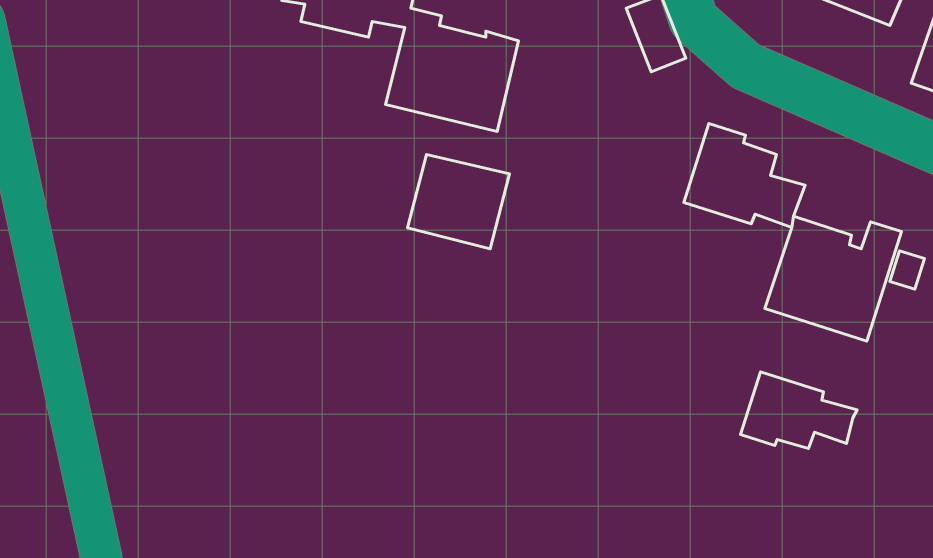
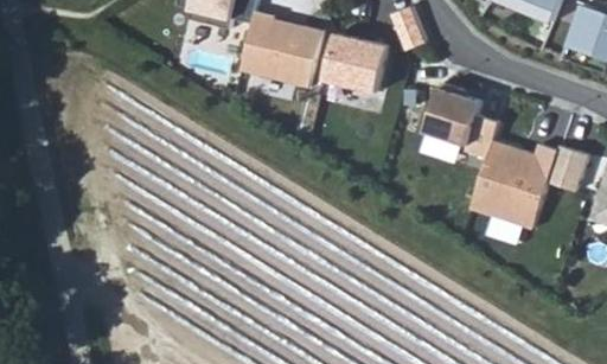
building: [407,155,509,249] -> [325,34,388,92]
building: [741,372,857,449] -> none

